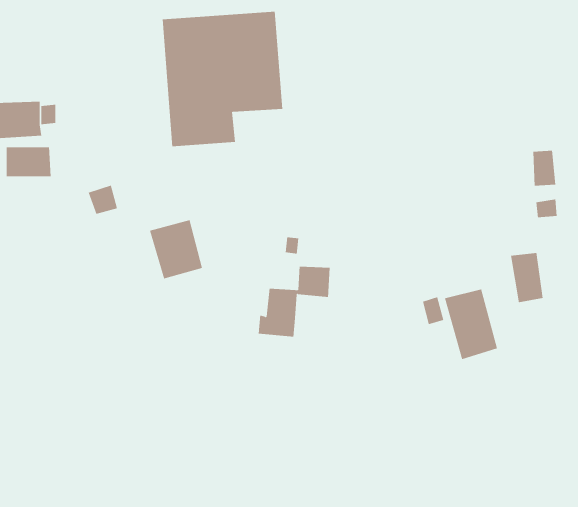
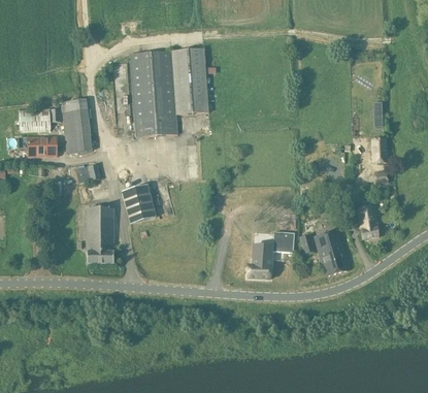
building: none -> [61,98,92,153]
building: none -> [87,207,113,263]
building: [258,266,330,337] -> [246,231,294,277]

